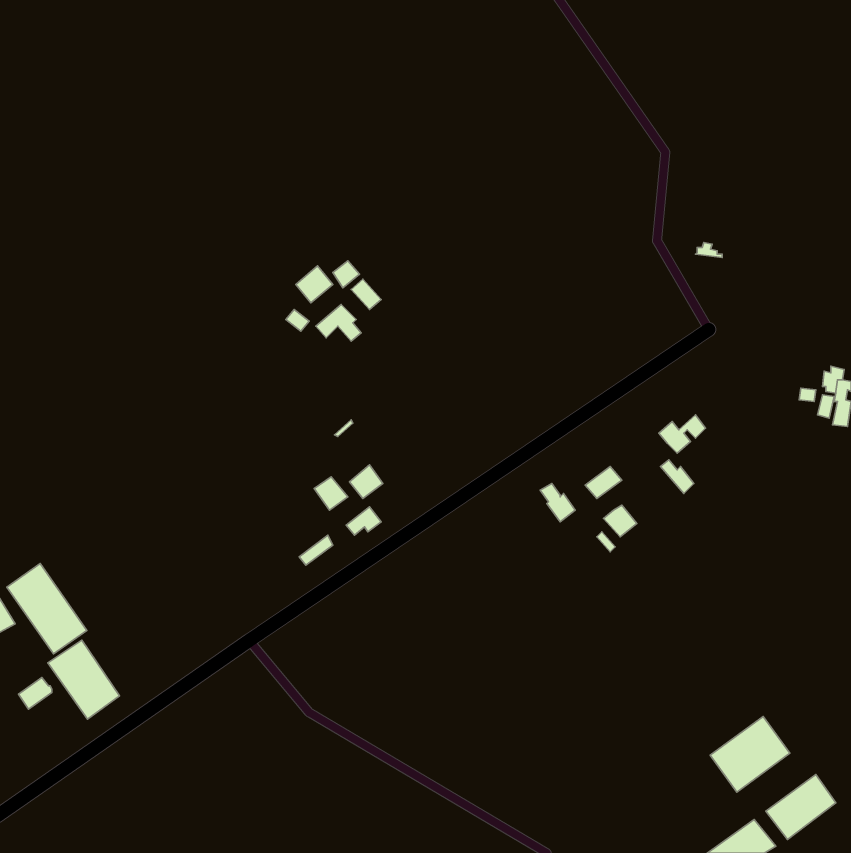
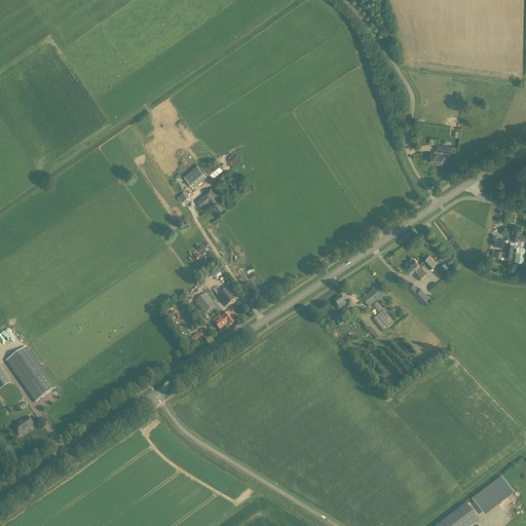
building: [48,640,120,719] -> none
building: [710,716,790,792] -> none

